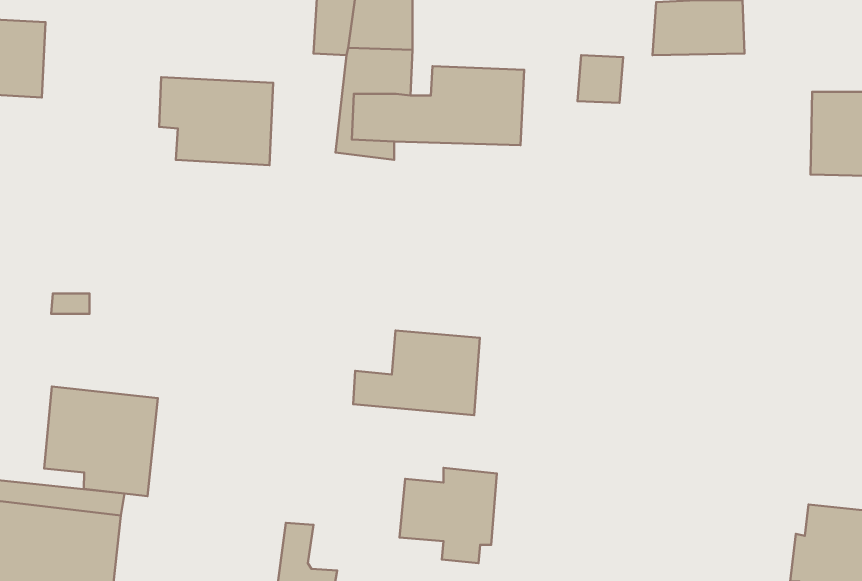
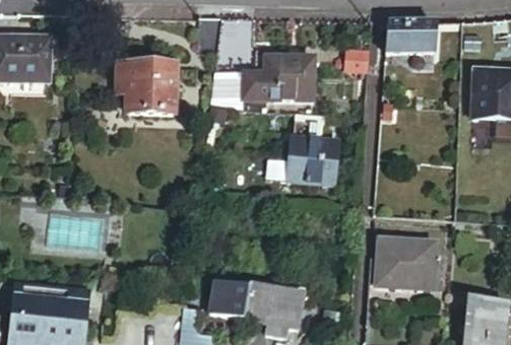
building: [353,331,480,415] -> [266,138,336,185]
building: [44,386,158,496] -> none
building: none -> [378,243,434,289]
building: none -> [206,283,248,319]

